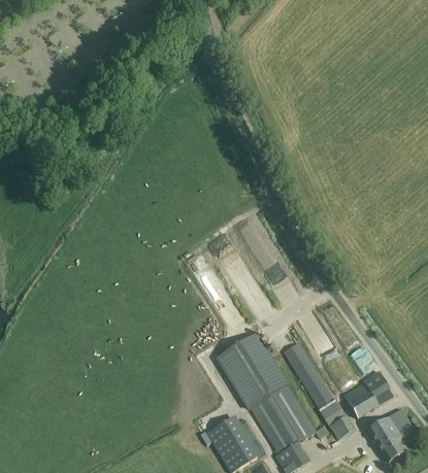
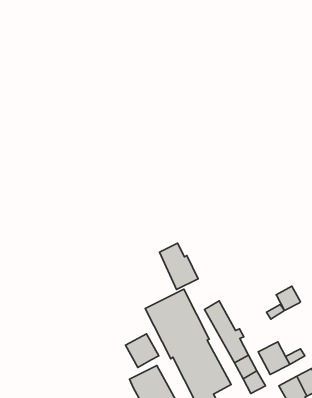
building: none -> [159,243,198,290]
building: [362,370,389,397] -> [276,286,300,311]
building: none -> [125,334,159,367]

